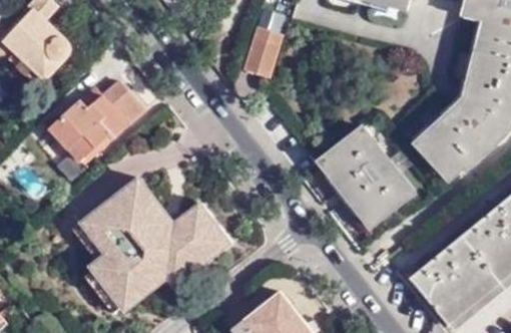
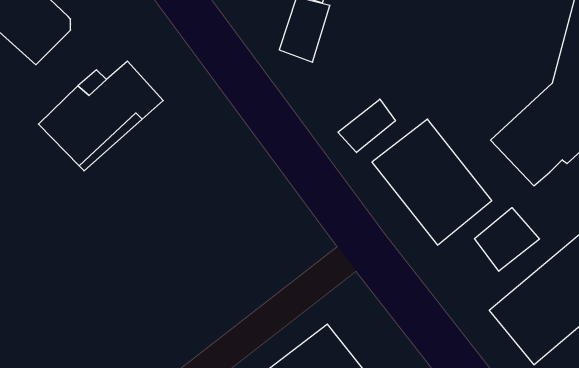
building: none -> [338,99,395,153]
building: [73,180,229,313] -> none
building: none -> [475,208,539,271]

